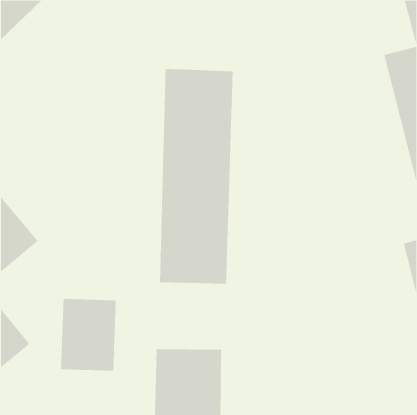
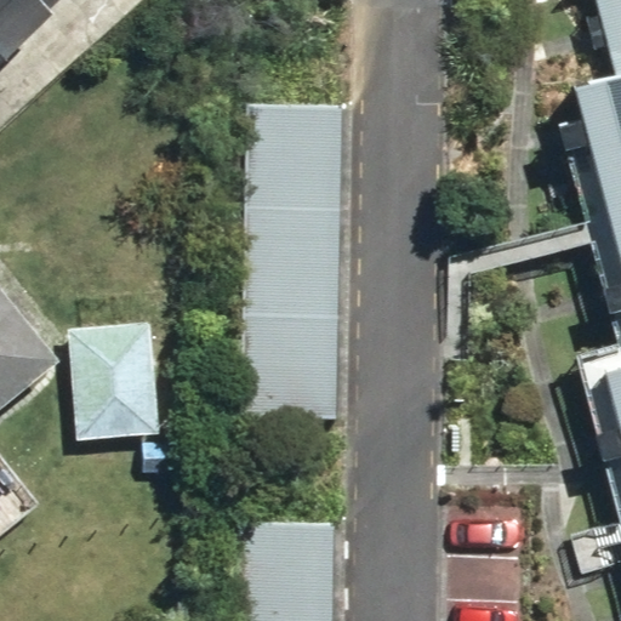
building: [60,299,117,371] -> [69,327,153,435]

